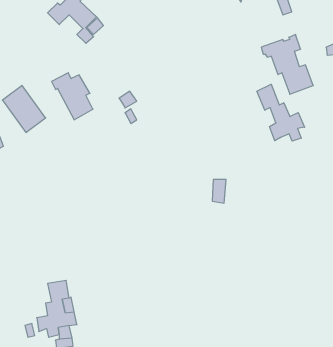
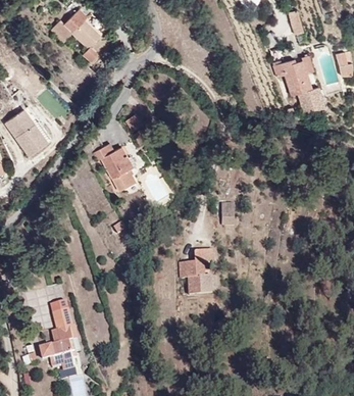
building: [52,73,93,120] -> [93,142,136,191]
building: [257,84,305,141] -> none
building: none -> [174,250,211,296]

